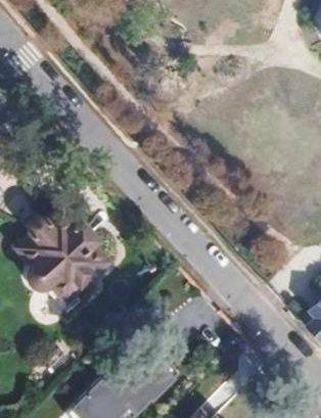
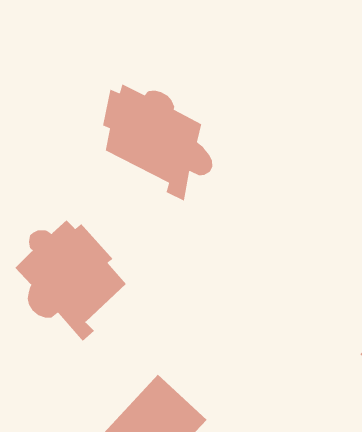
building: none -> [102,83,213,202]

